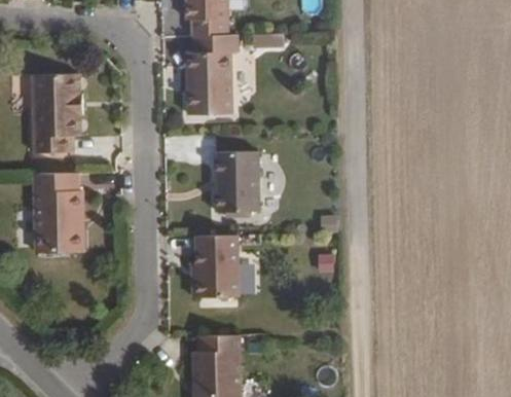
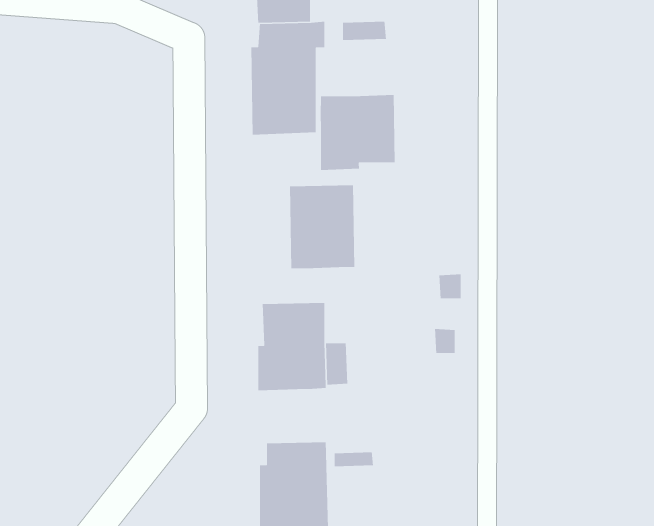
building: [30,73,82,153] -> none
building: none -> [320,94,395,171]
building: [31,173,84,253] -> none

